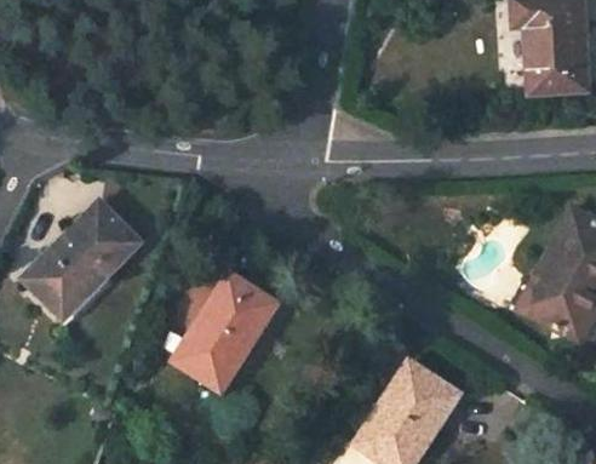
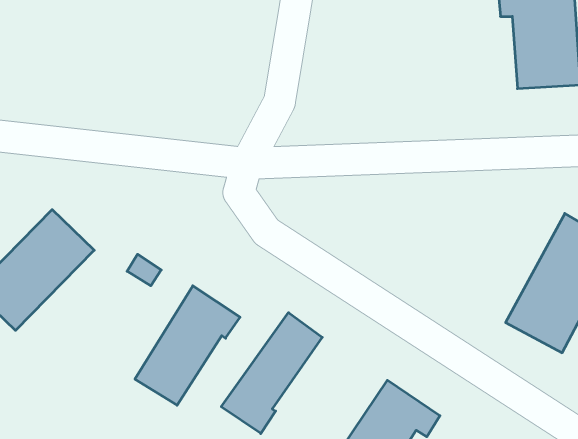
building: none -> [221,313,322,434]

